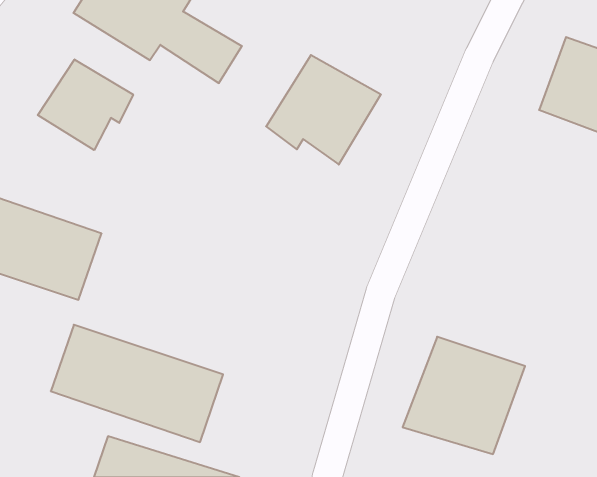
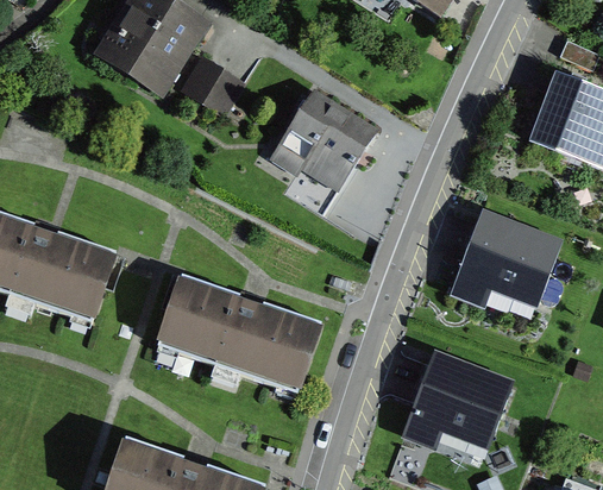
building: [38,59,133,150] -> none
building: none -> [451,207,561,306]
building: [51,325,223,442] -> [161,277,321,387]

